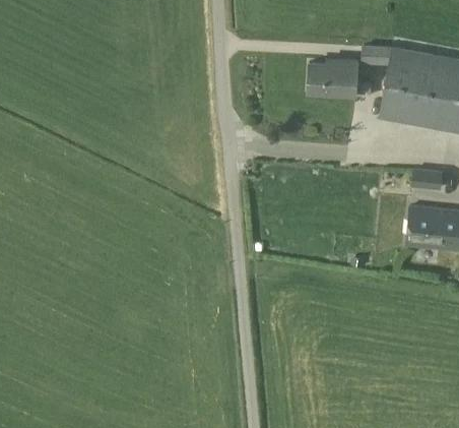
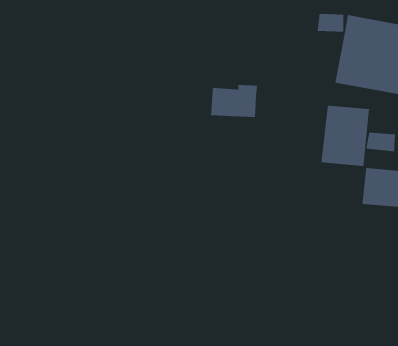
building: [308,60,357,95] -> [210,84,258,117]
building: none -> [321,105,370,167]

